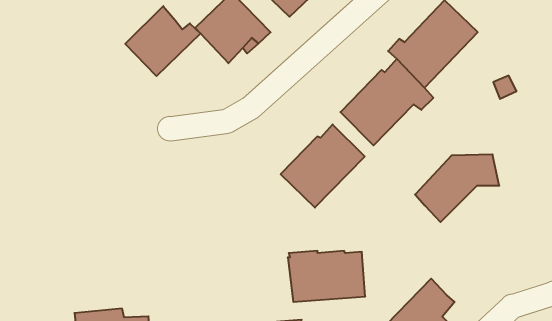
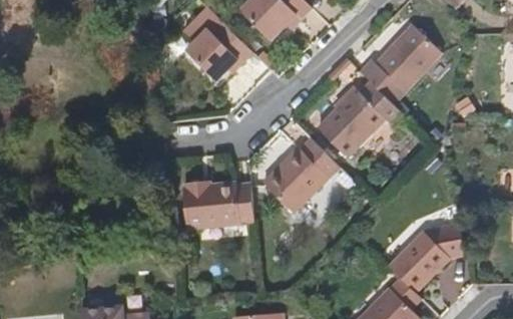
building: [125,6,201,76] -> none
building: [415,154,499,222] -> [391,231,467,292]
building: [288,251,365,302] -> [183,182,253,228]

